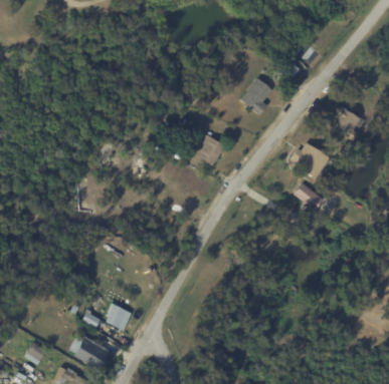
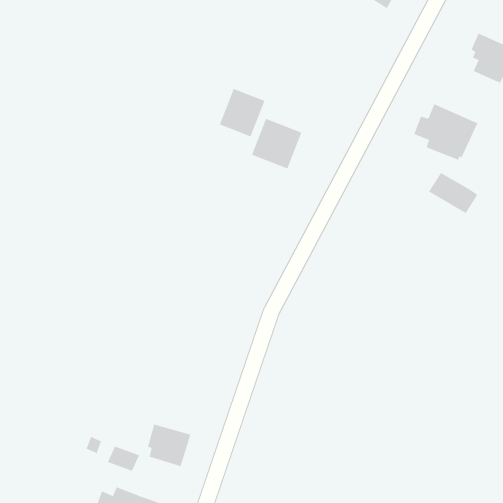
building: [242,77,273,114] -> none
building: none -> [219,88,265,137]

